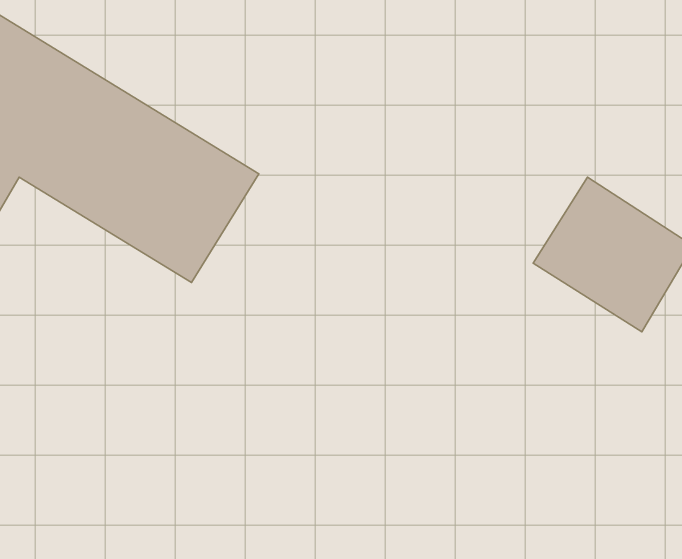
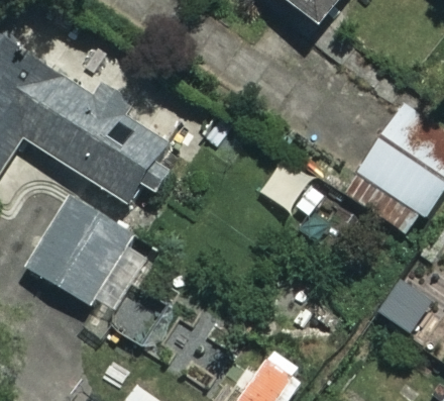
building: none -> [28,196,129,302]

